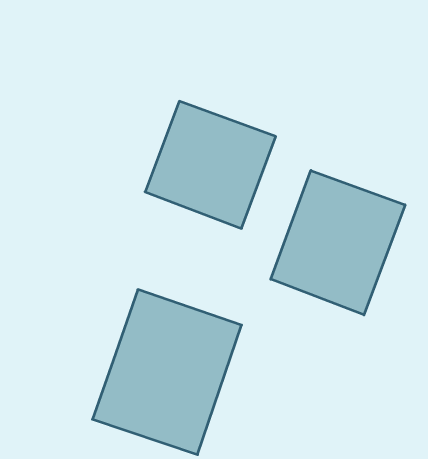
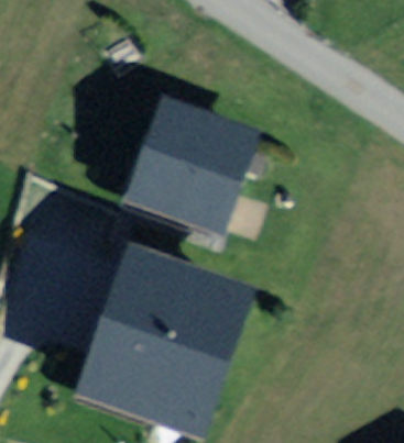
building: [271,170,405,315] -> none

